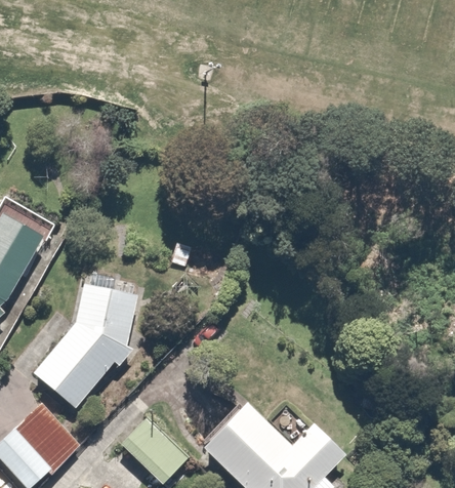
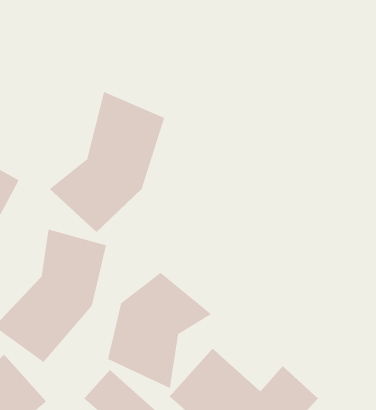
building: none -> [49,91,165,233]
building: none -> [107,272,212,389]

